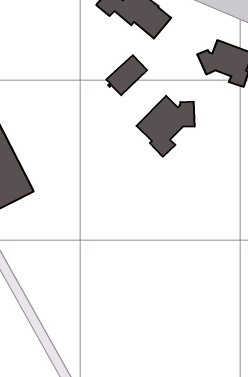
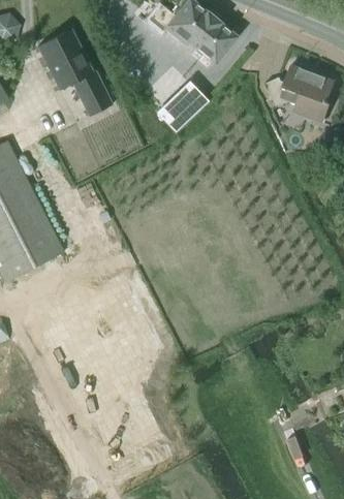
building: none -> [37,27,112,114]
building: [136,96,195,157] -> none

